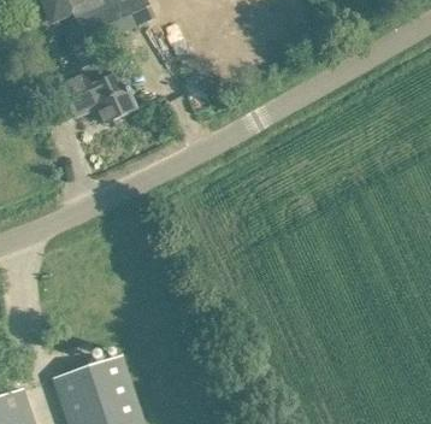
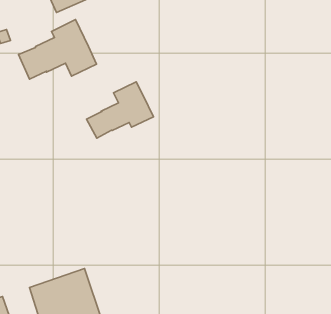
building: none -> [87,82,154,138]

